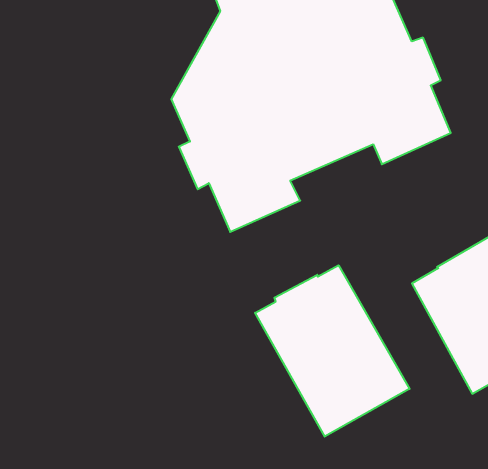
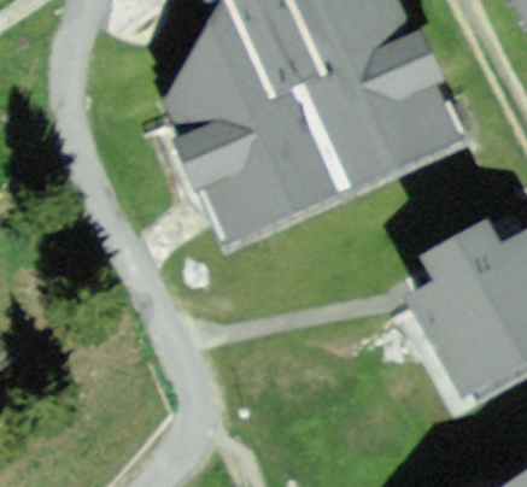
building: [255,265,410,437] -> none

